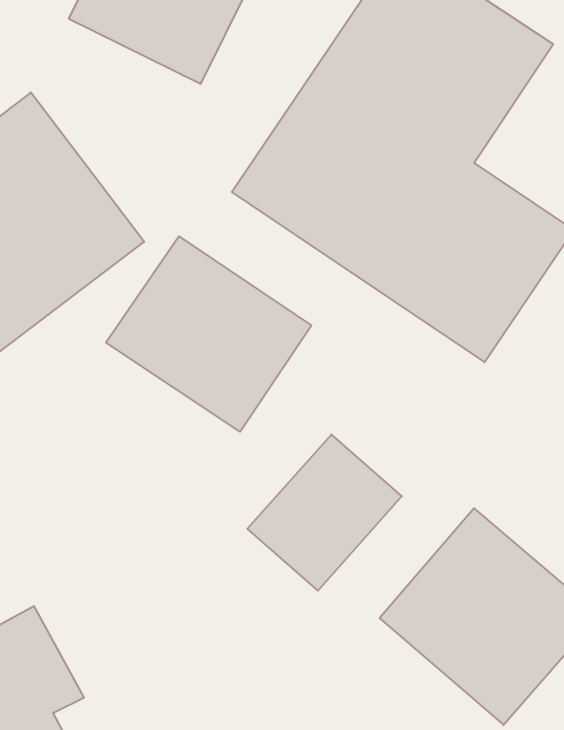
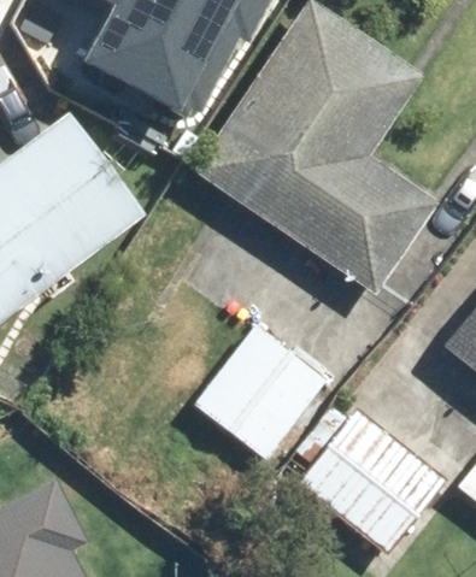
building: [106,236,311,432] -> none

